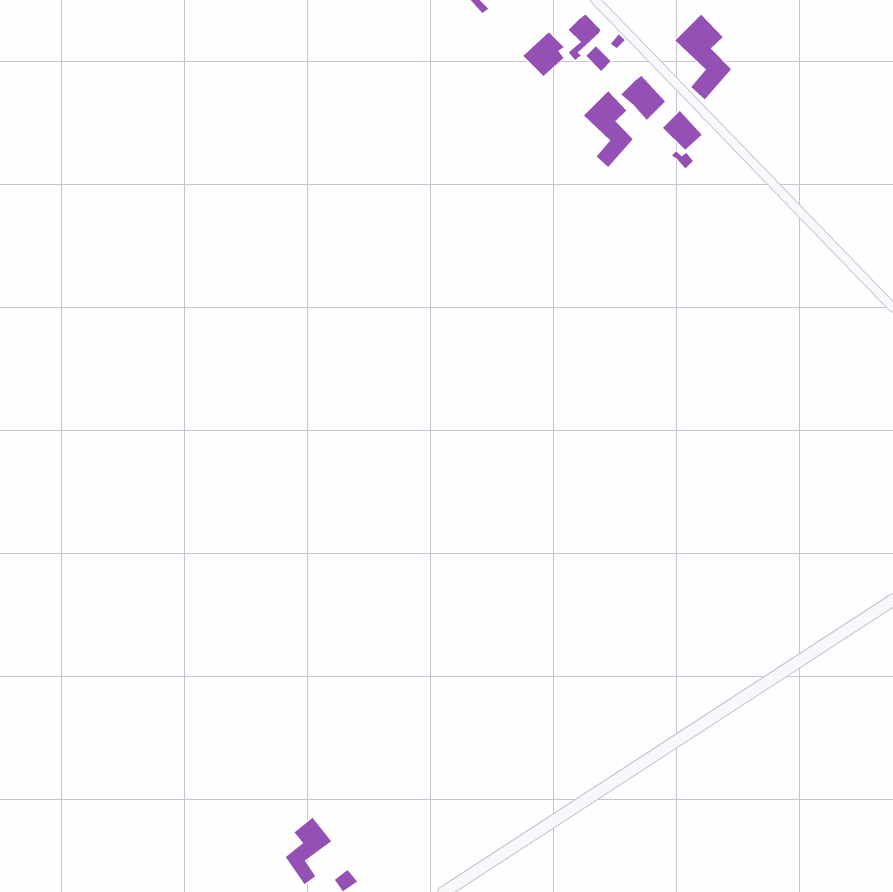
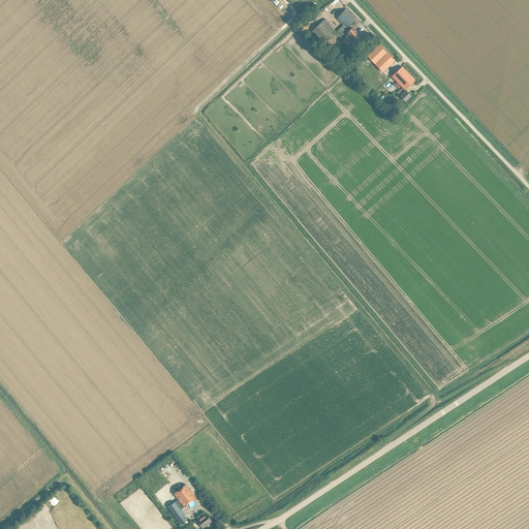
building: [675,14,732,100] -> none
building: [583,91,634,168] -> none

